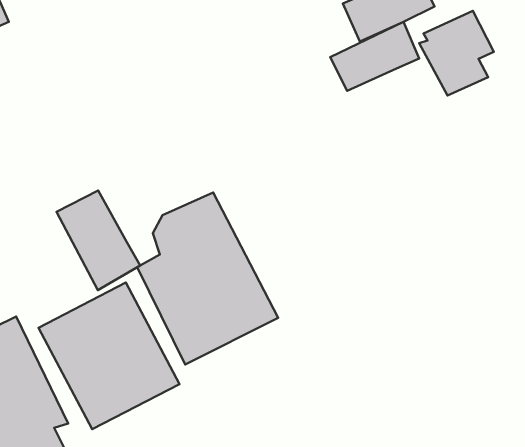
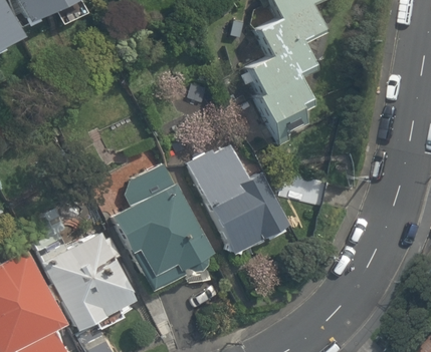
building: [419,11,494,95] -> [260,77,313,137]
building: none -> [188,144,282,249]
building: [57,190,140,290] -> none

